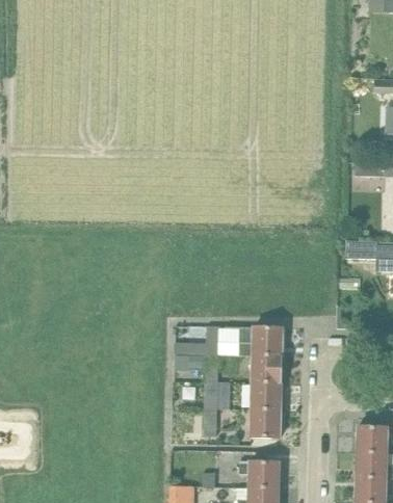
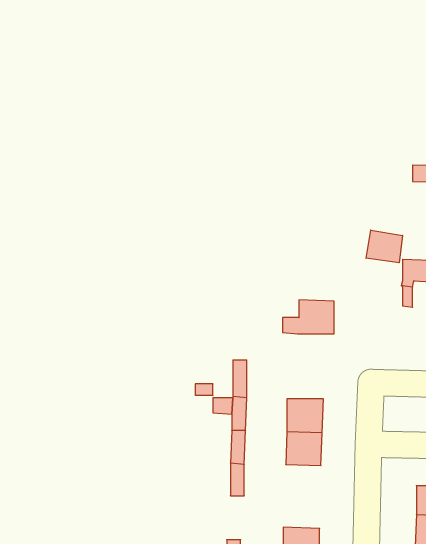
building: none -> [366,230,402,263]
building: [238,326,281,354] -> [283,300,334,334]
building: [248,408,279,436] -> none

